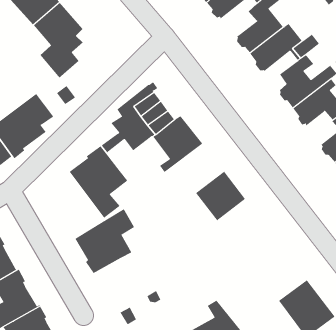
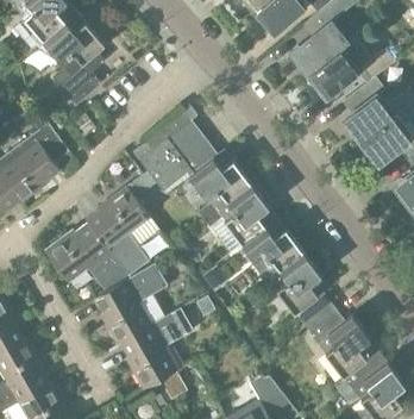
building: none -> [203,185,277,245]
building: none -> [45,219,131,295]
building: none -> [268,252,331,326]
building: none -> [117,308,193,389]
building: none -> [307,309,378,377]

